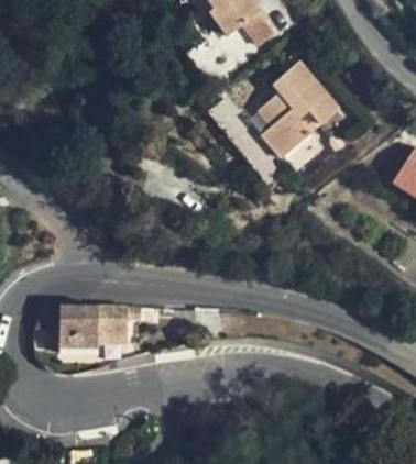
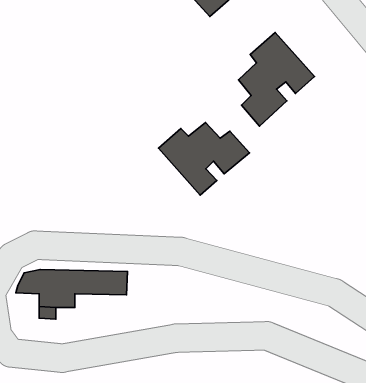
building: none -> [159,123,249,195]

